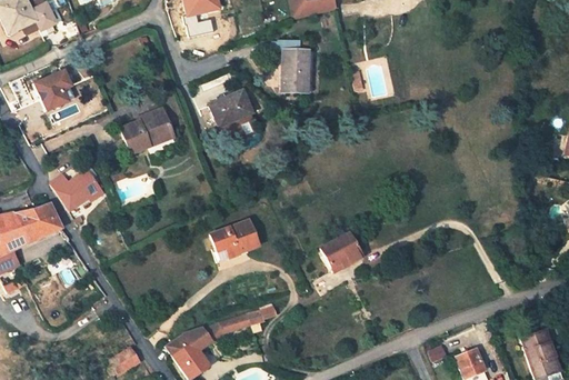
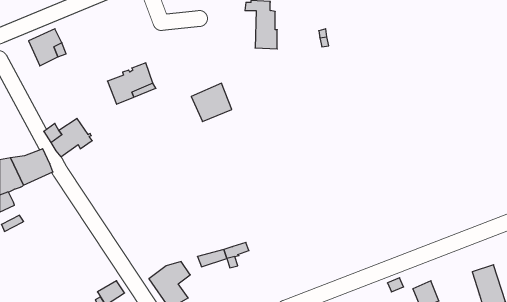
building: [210,90,254,132] -> [191,83,232,122]
building: [211,220,259,262] -> none
building: [321,232,362,270] -> none

